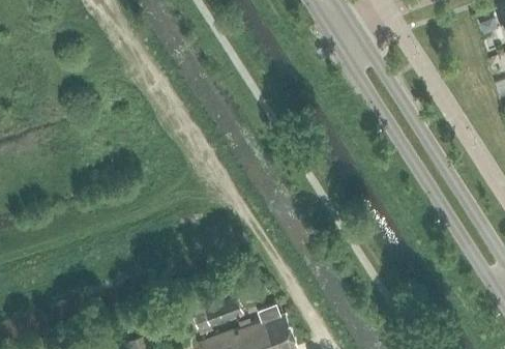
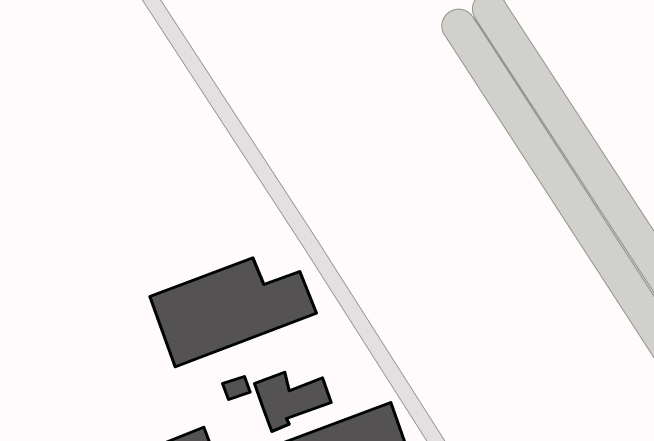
building: none -> [150,258,317,367]

